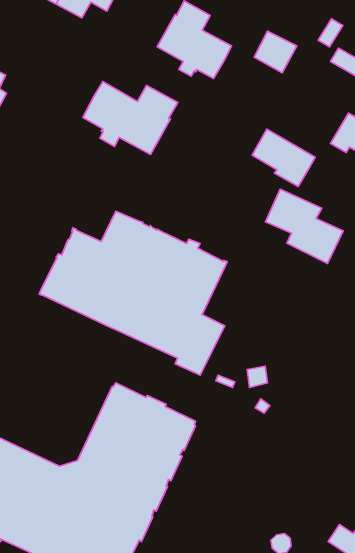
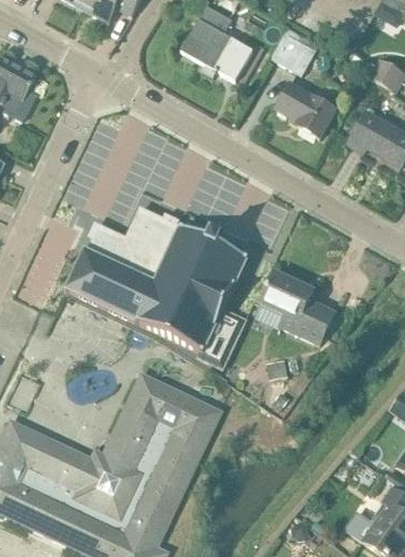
building: [83,82,178,155] -> none
building: [252,129,315,187] -> [275,82,336,137]
building: [265,189,343,263] -> [260,272,335,344]

